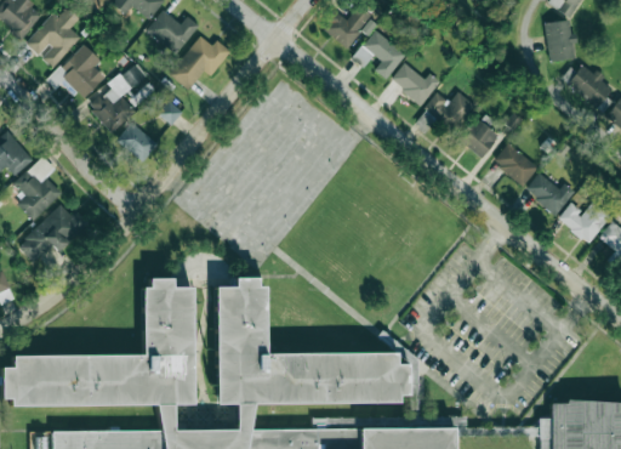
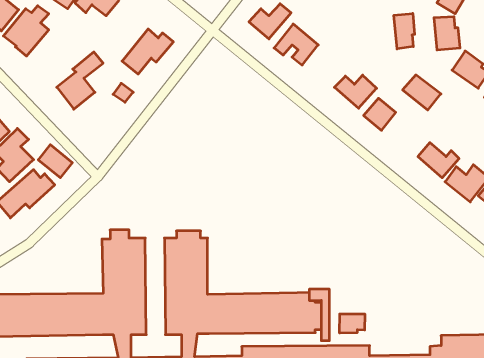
building: [147,10,199,53] -> none
building: none -> [394,13,415,49]
building: [47,44,106,100] -> none
building: [389,62,439,104] -> none
building: [116,121,158,161] -> [38,145,72,178]
building: [492,143,539,186] -> [403,75,441,110]
building: none -> [340,314,365,333]

